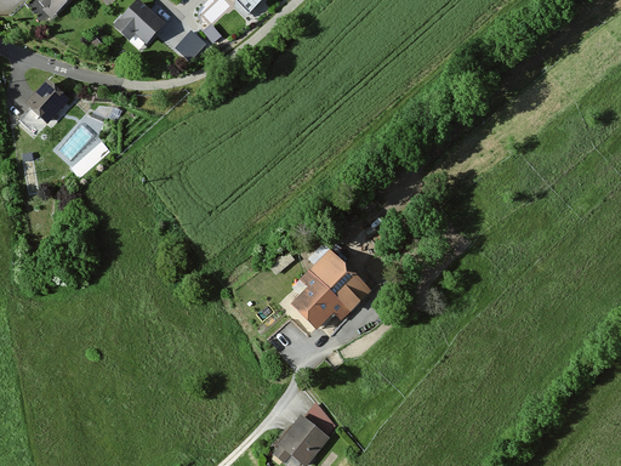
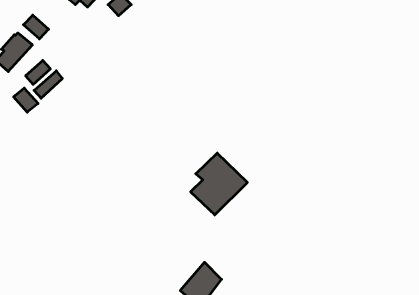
building: none -> [23,15,49,39]
building: none -> [14,88,38,112]

